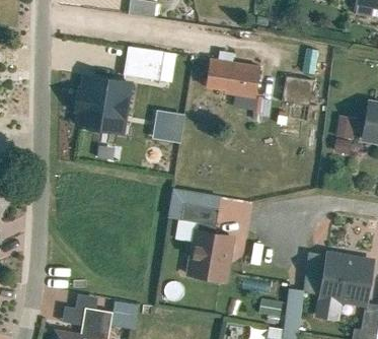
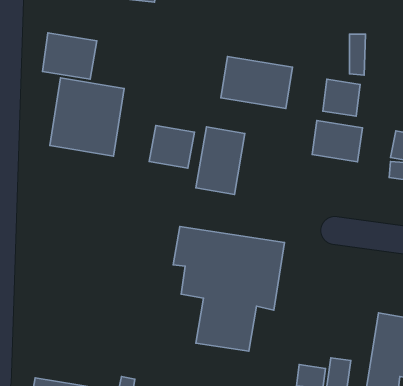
building: [123,46,164,81] -> [43,33,97,79]
building: none -> [312,121,362,162]
building: none -> [196,127,245,195]

